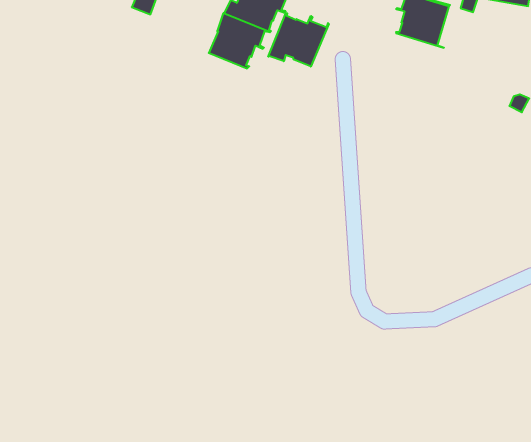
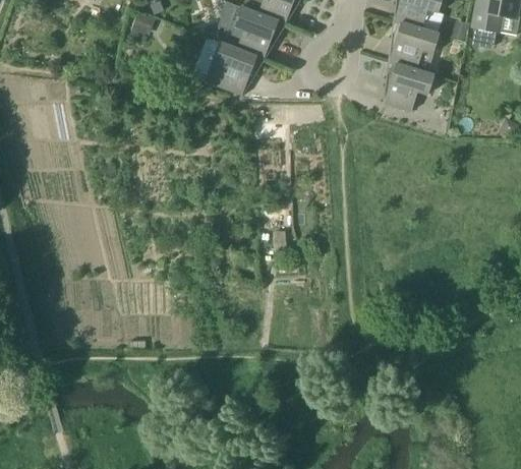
building: [268,13,329,67] -> none
building: none -> [383,60,435,111]

